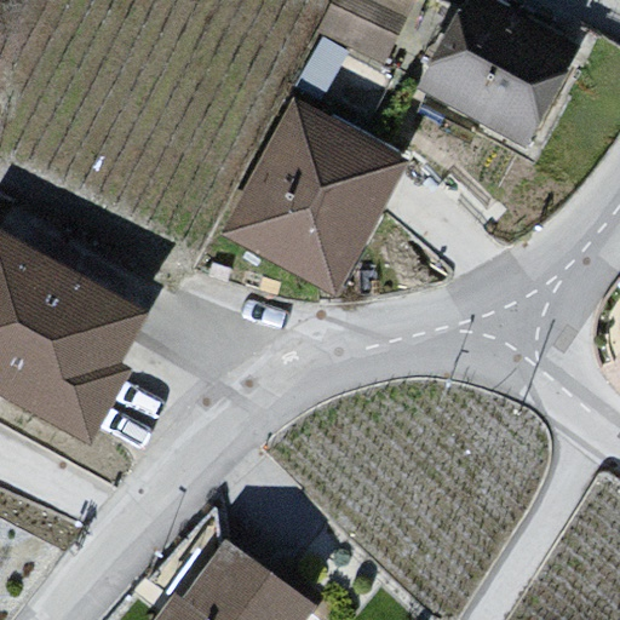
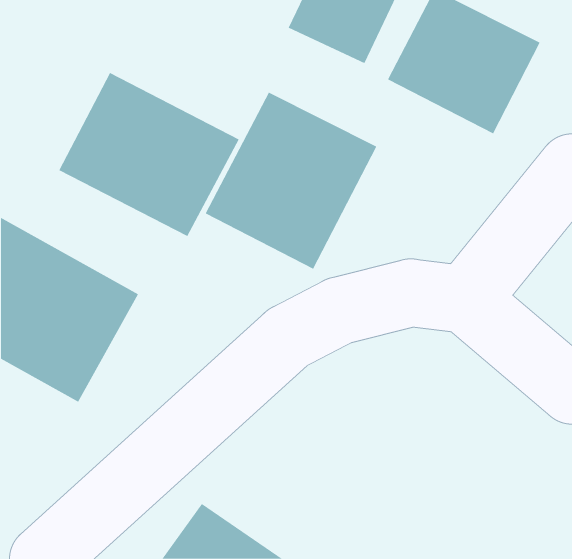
building: none -> [58,72,240,237]

